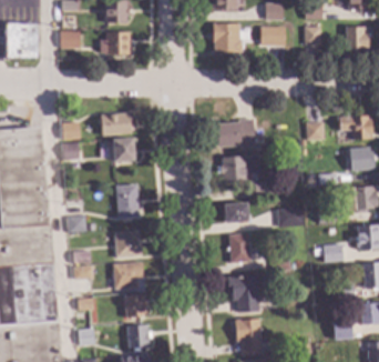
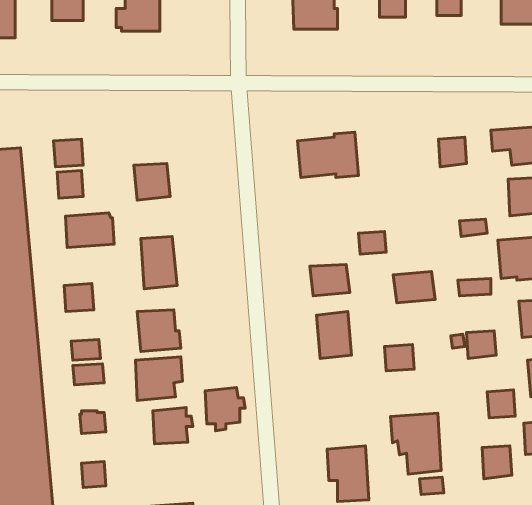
building: [101,112,132,134] -> [65,213,114,248]
building: [217,154,259,180] -> none
building: [227,273,259,312] -> [391,413,441,474]
building: [126,323,152,351] -> [205,387,245,431]

